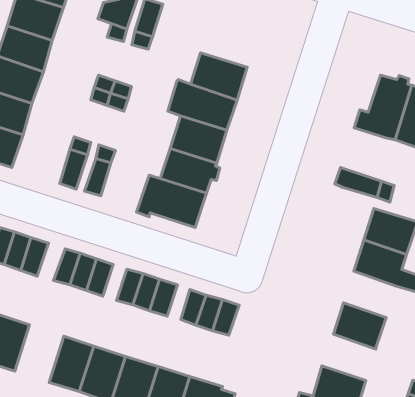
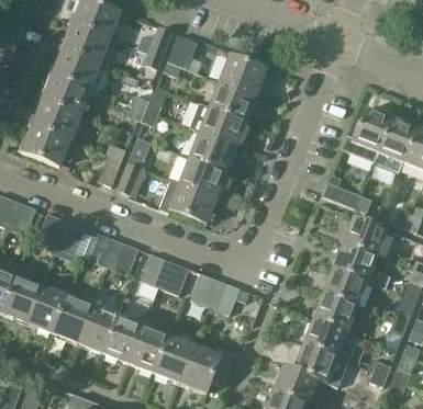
building: none -> [220,53,267,95]
building: none -> [324,268,368,307]
building: none -> [52,295,93,343]
building: none -> [303,318,358,361]

